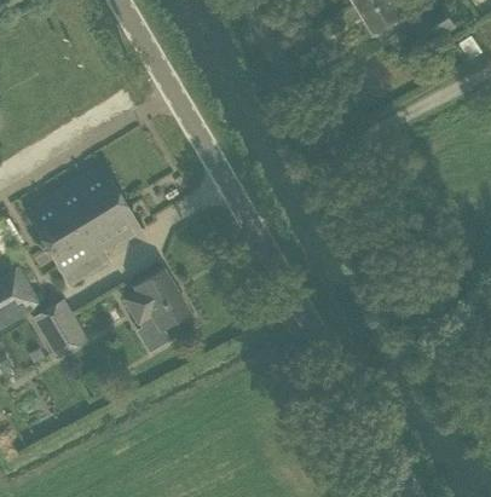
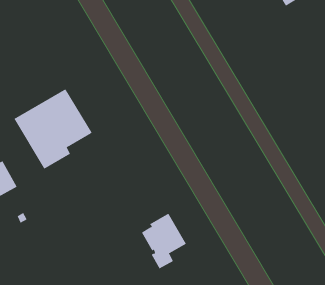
building: [122,270,190,353] -> [141,213,187,269]
building: [34,302,85,358] -> none

